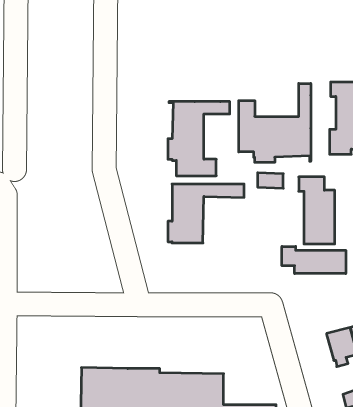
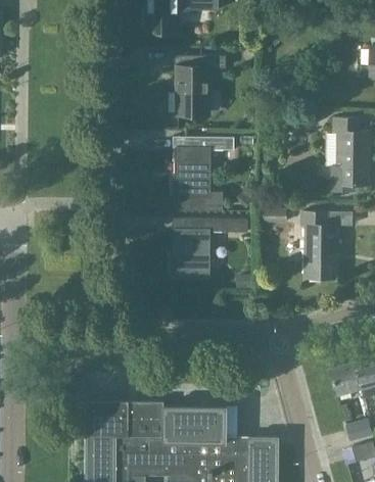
building: none -> [174,56,226,114]
building: [239,83,311,162] -> none
building: [282,246,346,274] -> none

